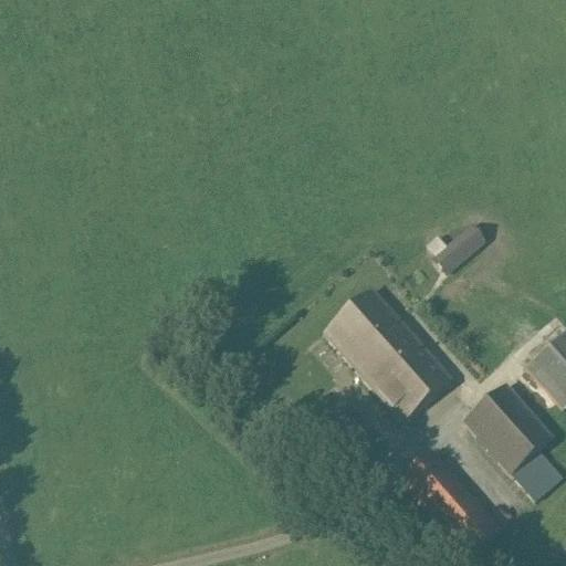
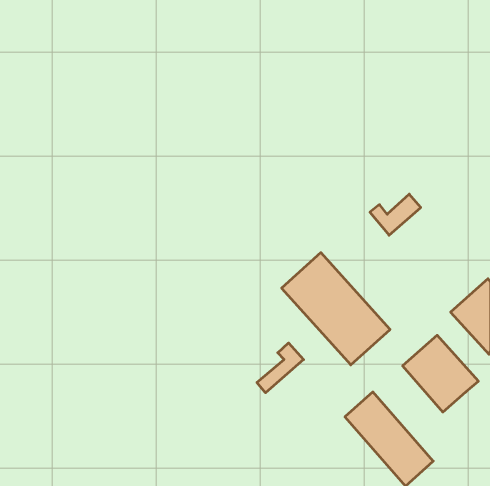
building: none -> [257,343,304,393]
building: [511,451,560,501] -> none

